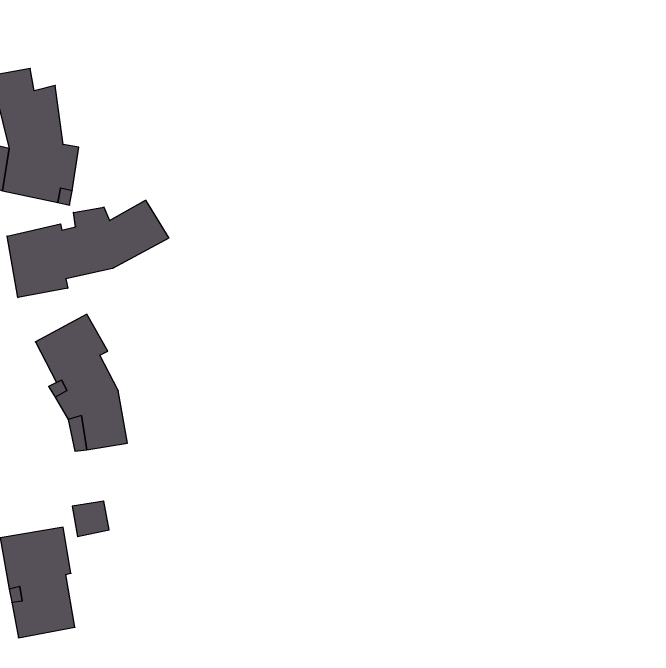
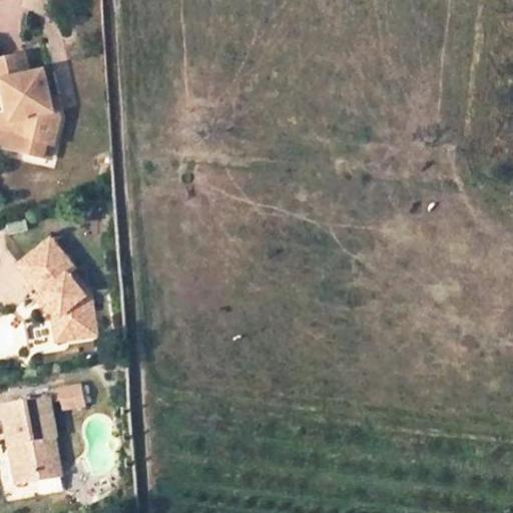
building: [7,200,169,298] -> none

